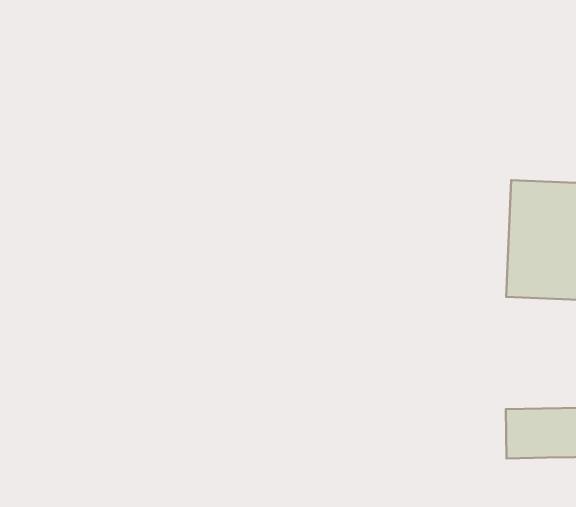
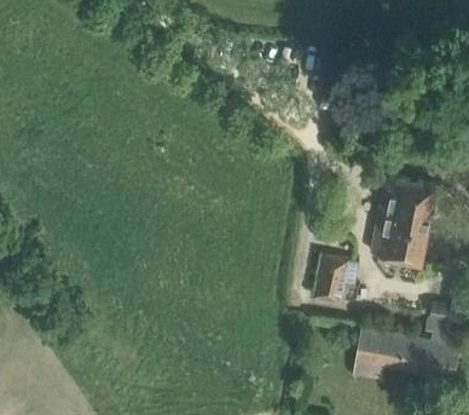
building: none -> [315,258,349,305]

